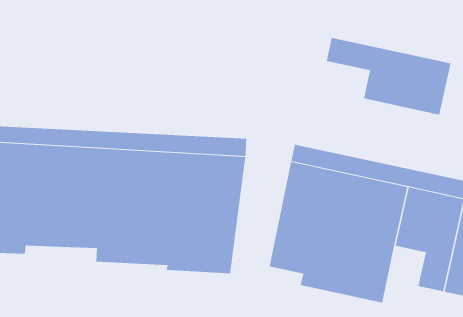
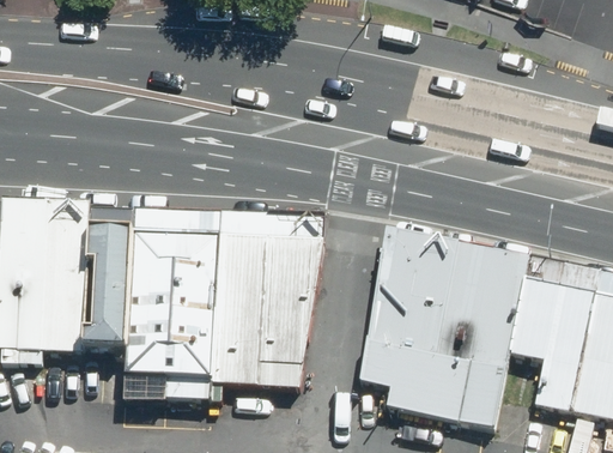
building: [326,37,451,115] -> none

